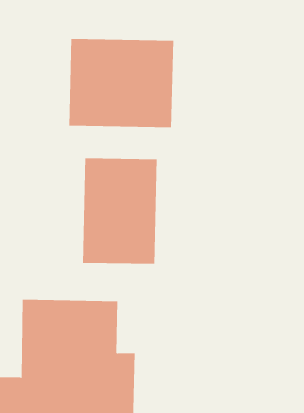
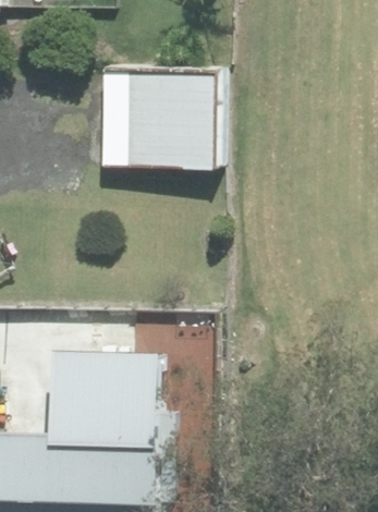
building: [83,158,157,265] -> none

